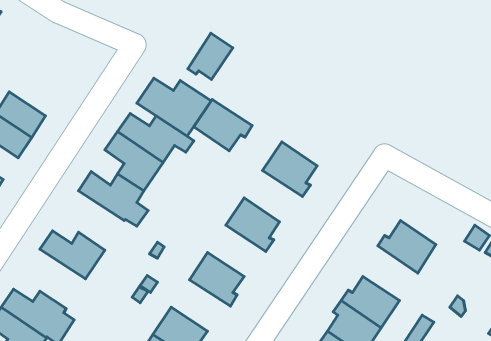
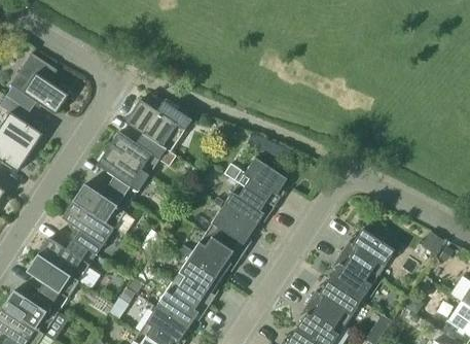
building: none -> [6,53,67,114]
building: [188,33,233,80] -> none
building: [194,99,252,151] -> [220,183,273,230]
building: none -> [60,202,112,255]
building: none -> [187,233,240,279]
building: none -> [327,251,376,301]
building: none -> [25,254,77,308]
building: none -> [154,282,208,329]

